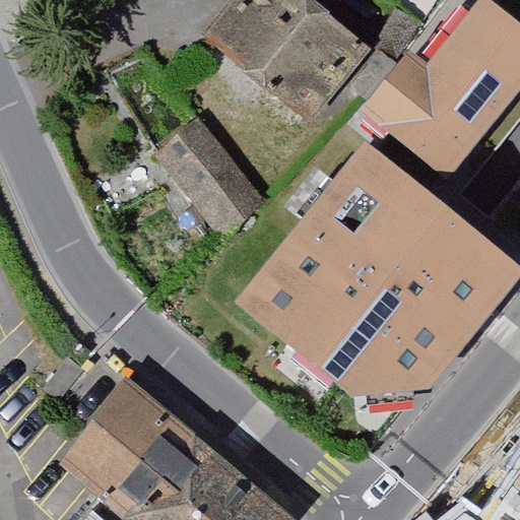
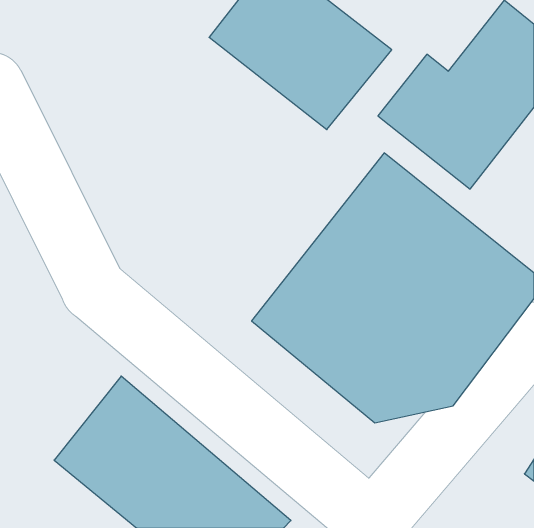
building: [147,114,261,235] -> none

